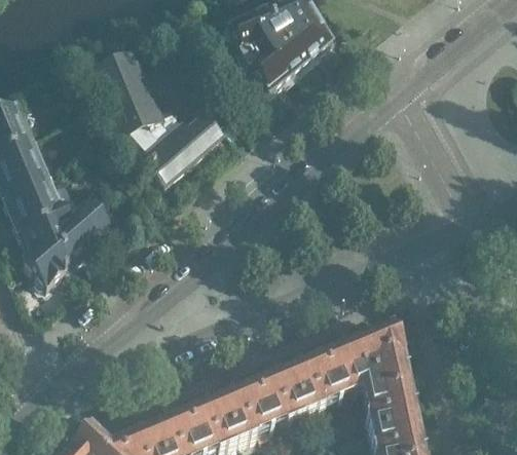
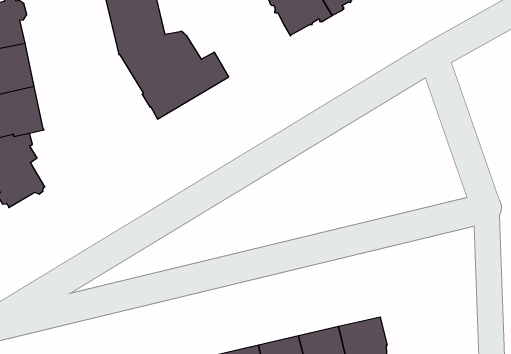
building: [52,197,112,260] -> none

